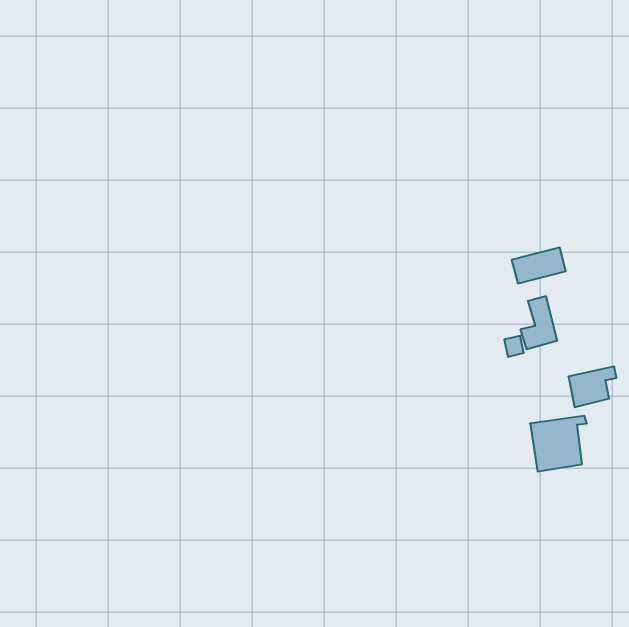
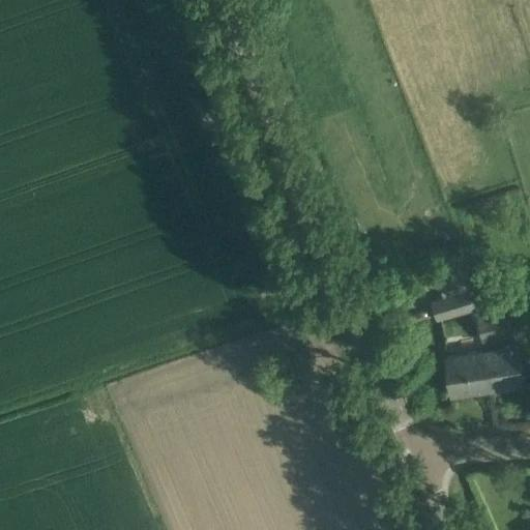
building: [512,248,566,283] -> [430,293,475,323]
building: none -> [483,348,522,392]

